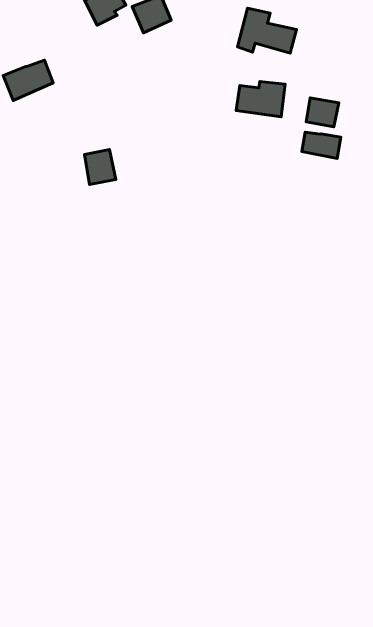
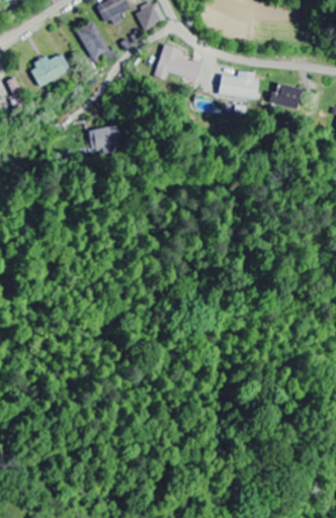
building: [238,8,296,53] -> [154,45,201,81]
building: none -> [75,20,114,62]
building: [302,132,341,159] -> none

